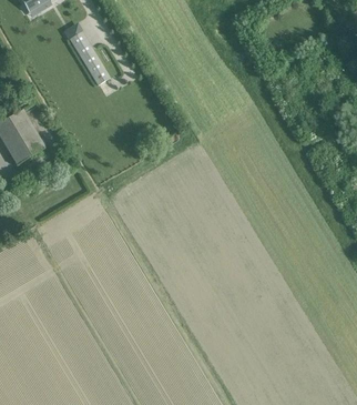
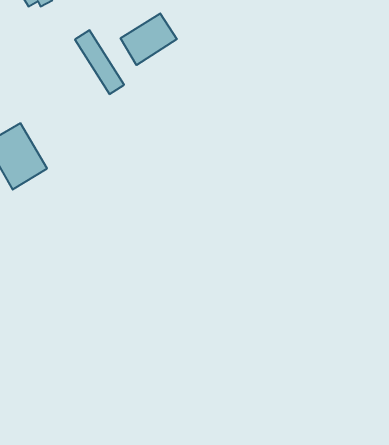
building: none -> [121,13,177,65]

